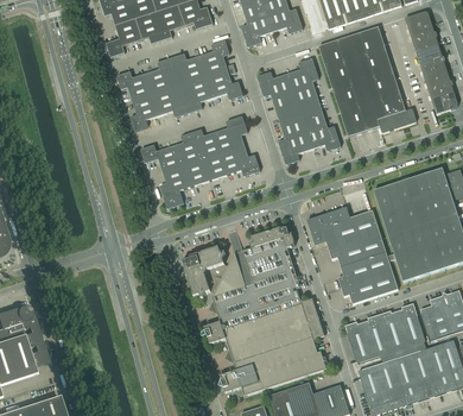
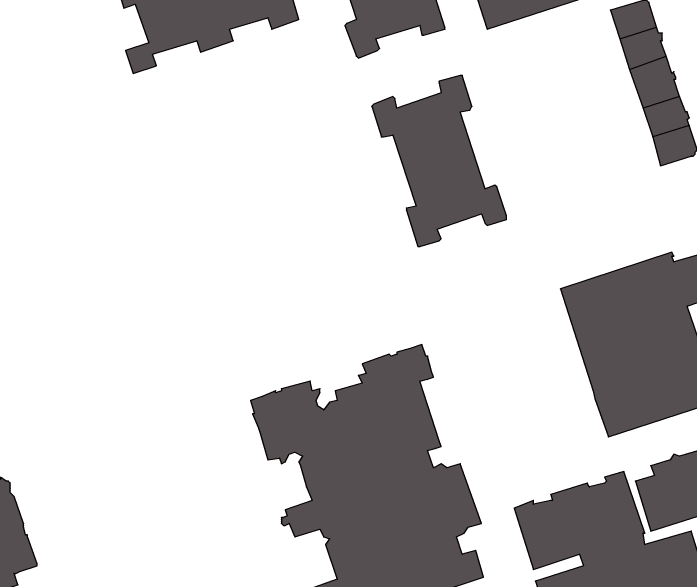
building: [318,26,416,137] -> none
building: [116,40,242,131] -> none
building: [140,115,259,208] -> none
building: [306,207,398,304] -> none

